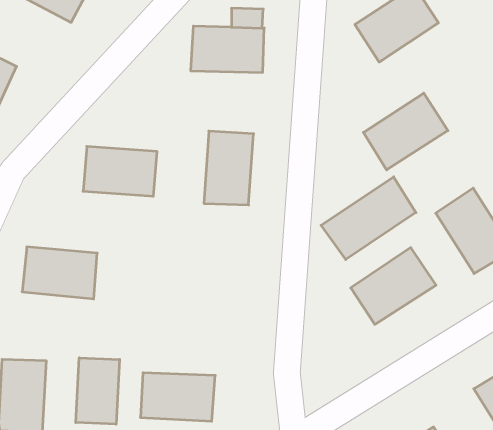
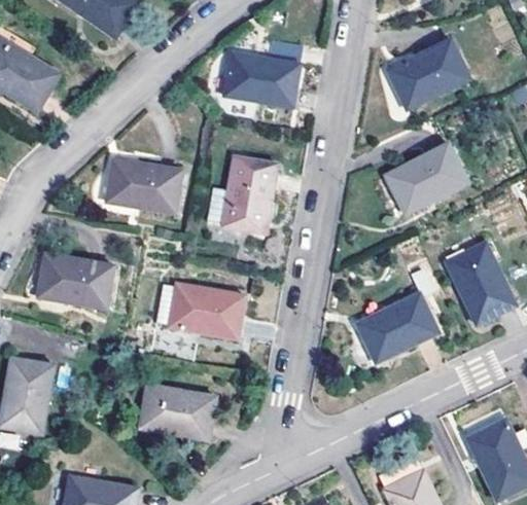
building: [321,177,416,260] -> none
building: none -> [155,281,246,338]
building: [76,358,120,424] -> none

